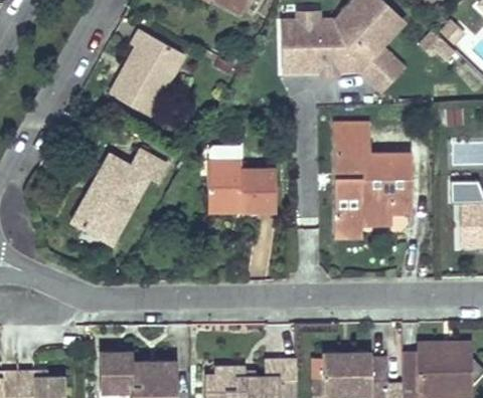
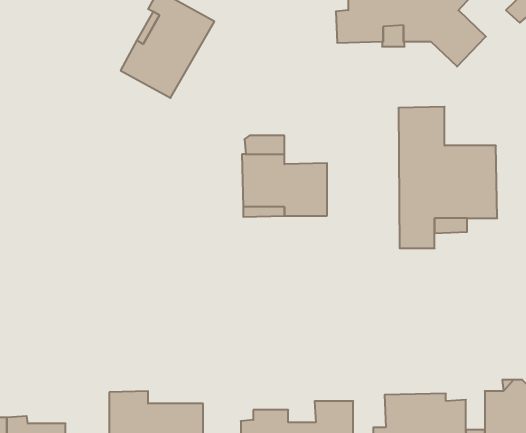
building: [71,150,167,243] -> none

